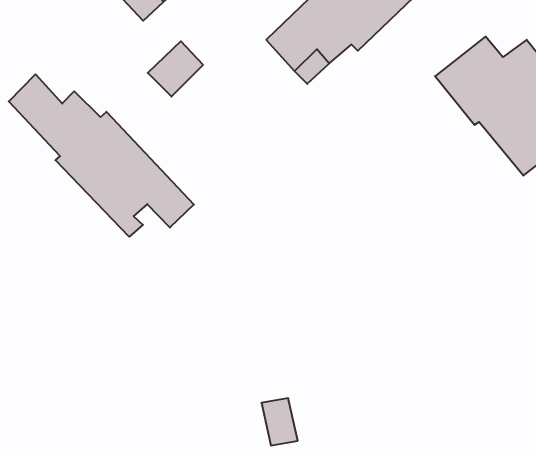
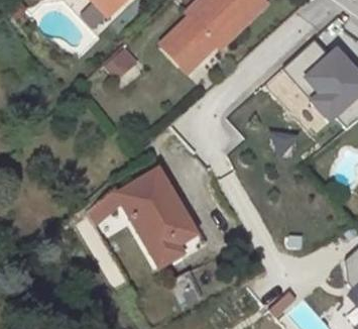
building: [9,74,194,237] -> none
building: none -> [111,173,188,264]

